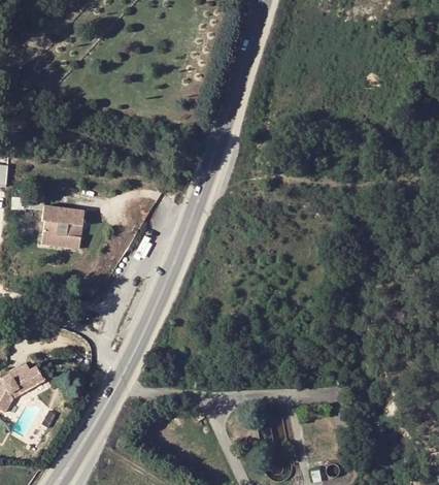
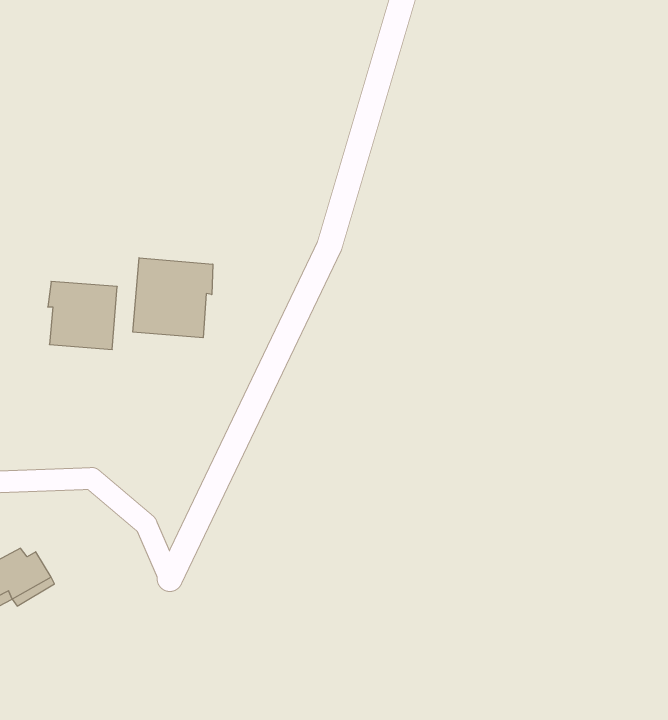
building: none -> [133,258,213,338]

